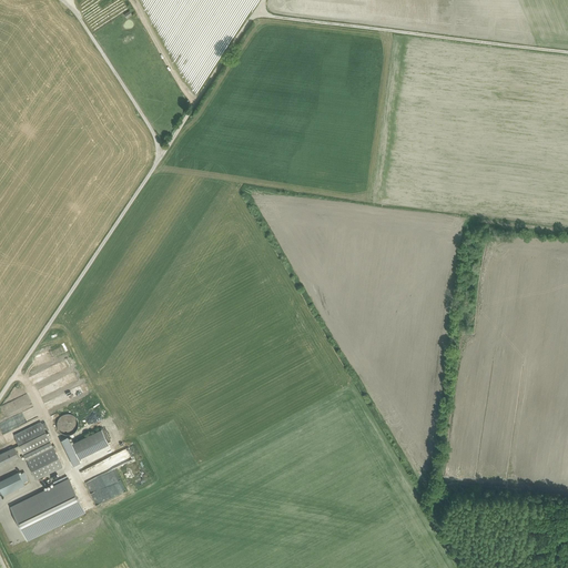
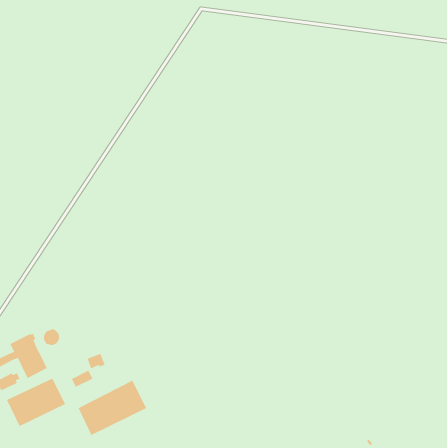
building: [70,428,106,458] -> none
building: none -> [78,380,147,436]

